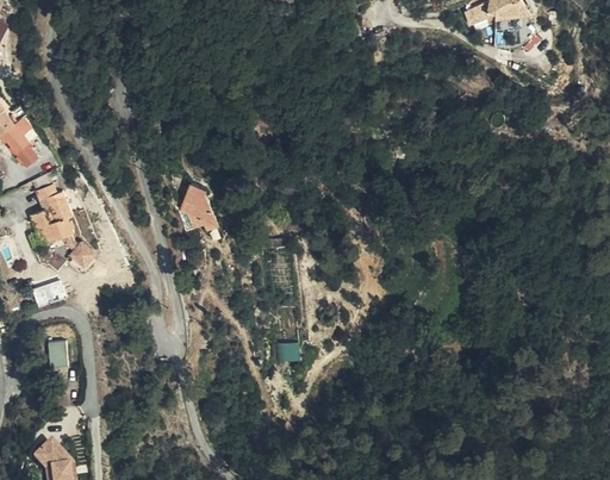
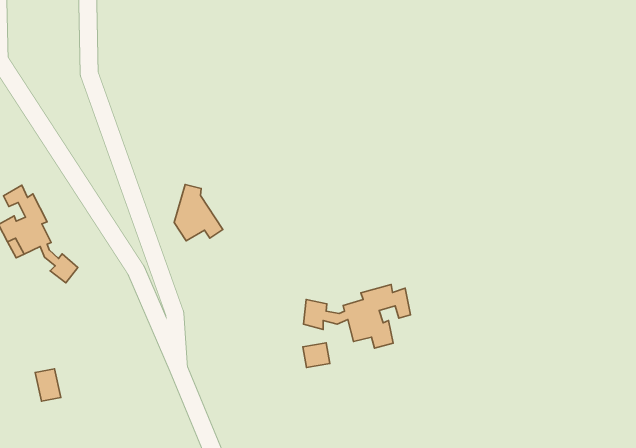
building: [32,278,64,304] -> none
building: none -> [303,284,410,348]

